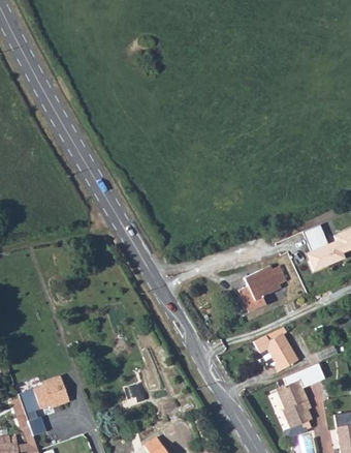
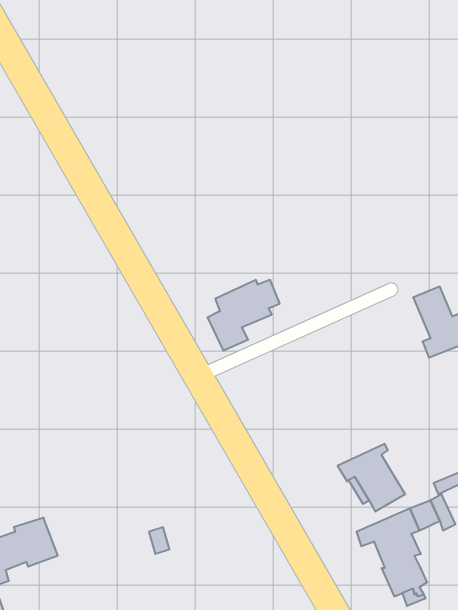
building: [238,265,286,311] -> [207,280,280,351]

